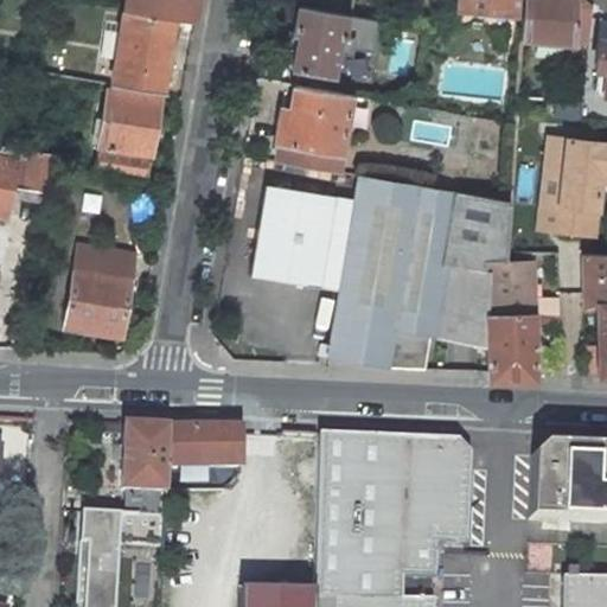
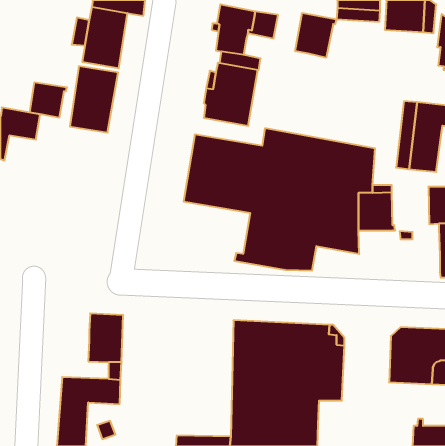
building: none -> [295,13,337,58]
building: none -> [30,82,67,118]
building: [66,249,136,336] -> none
building: [488,313,537,381] -> none
building: [168,428,243,468] -> none

